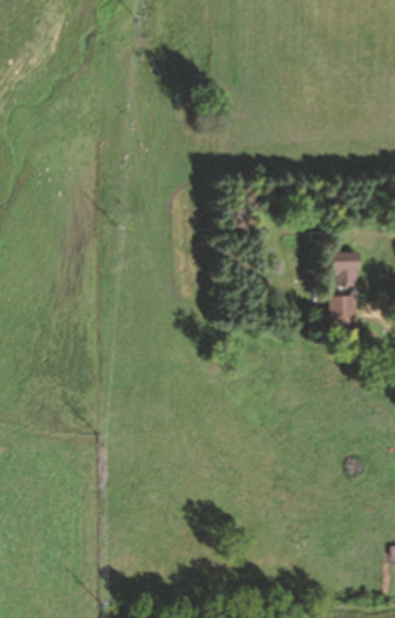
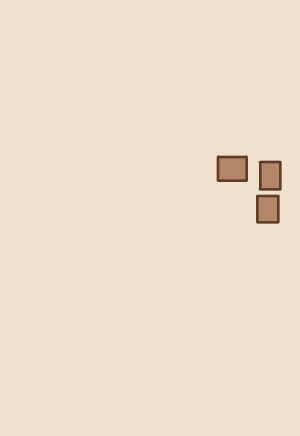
building: none -> [218,157,246,181]

